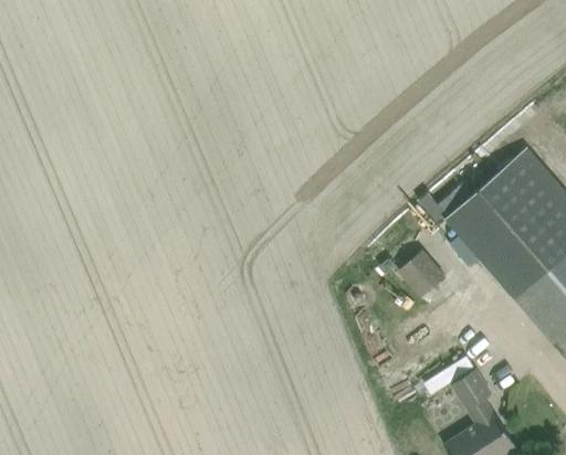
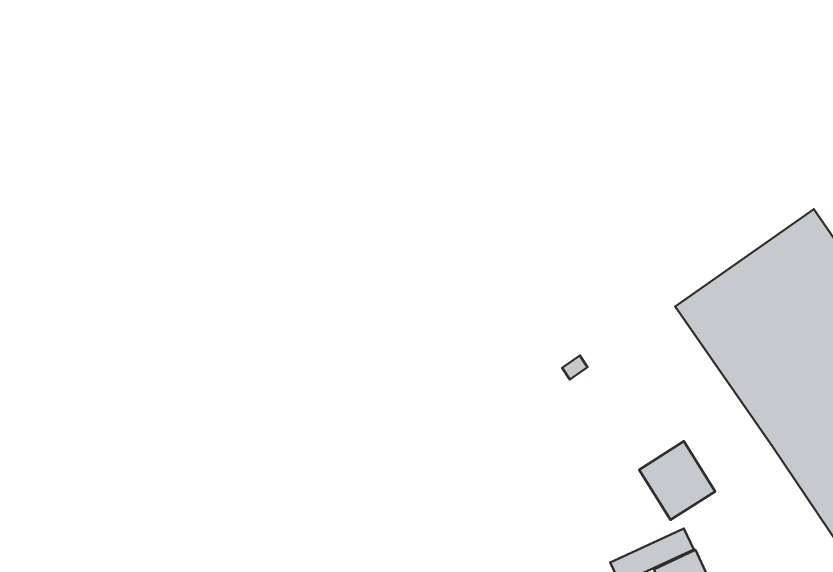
building: [398,250,447,299] -> [639,441,715,520]

